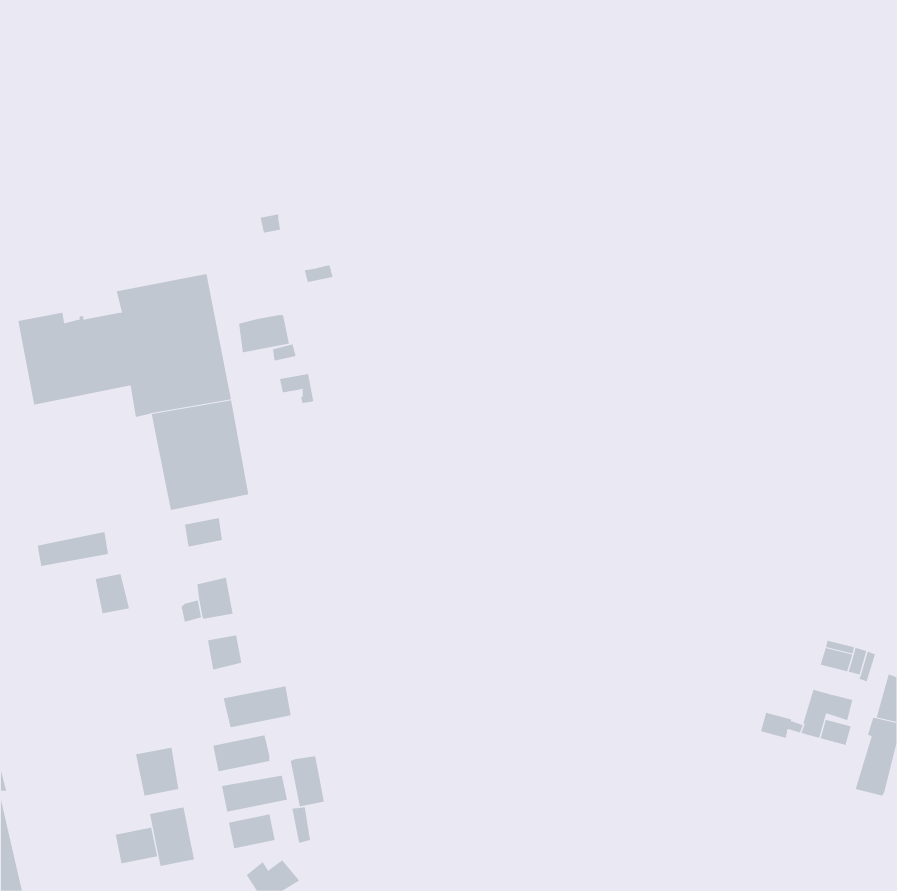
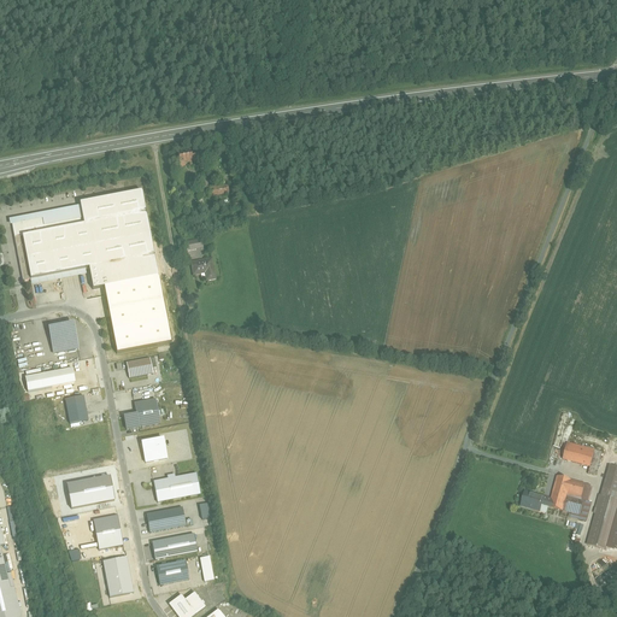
building: [239,314,290,353] -> none
building: none -> [47,322,78,351]
building: none -> [66,474,114,506]
building: [290,756,325,807] -> none
building: [115,827,158,864] -> none

